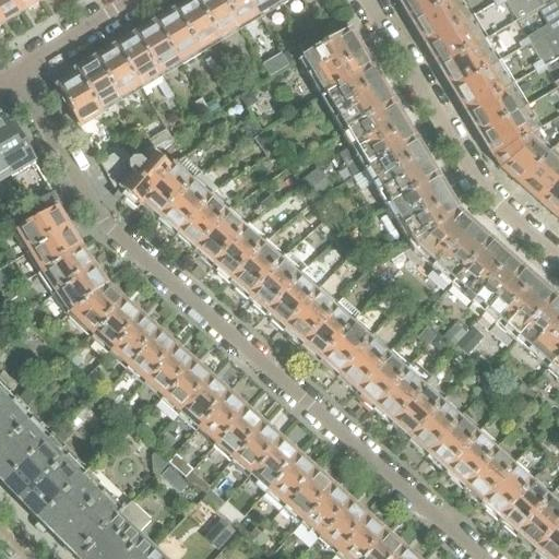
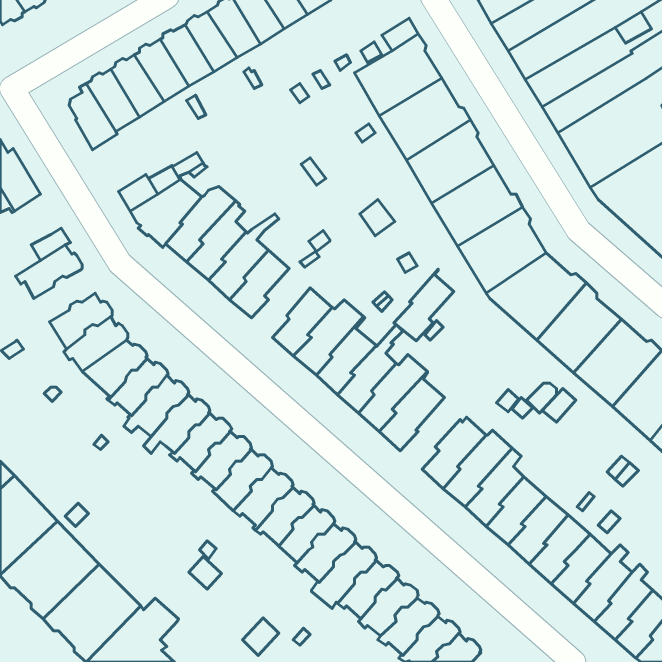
building: [214,225,263,283] -> none
building: [29,226,84,270] -> none
building: [338,333,389,393] -> [394,269,454,341]

